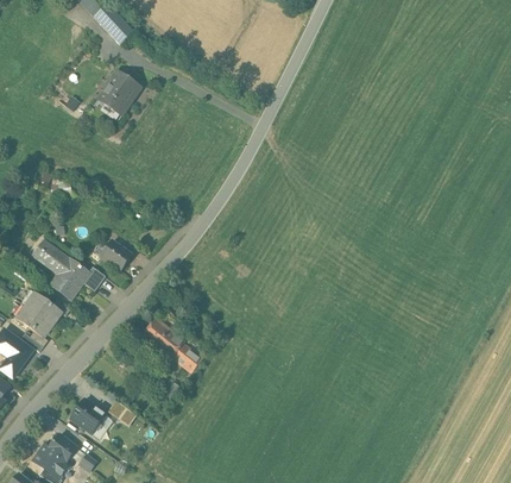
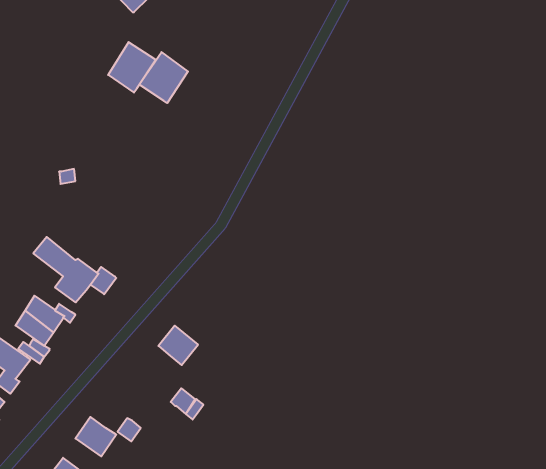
building: none -> [139,52,188,103]
building: [100,239,131,270] -> none
building: [163,334,202,372] -> none

